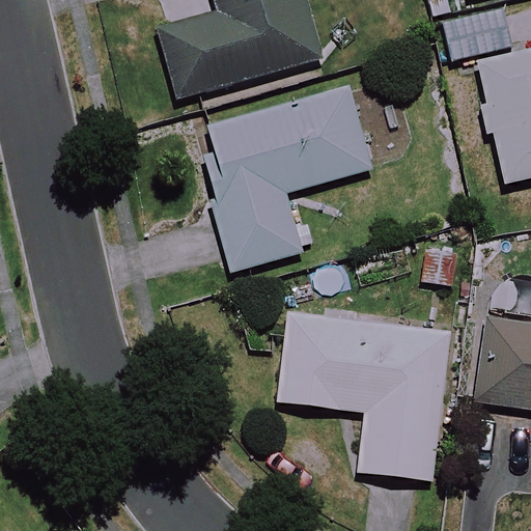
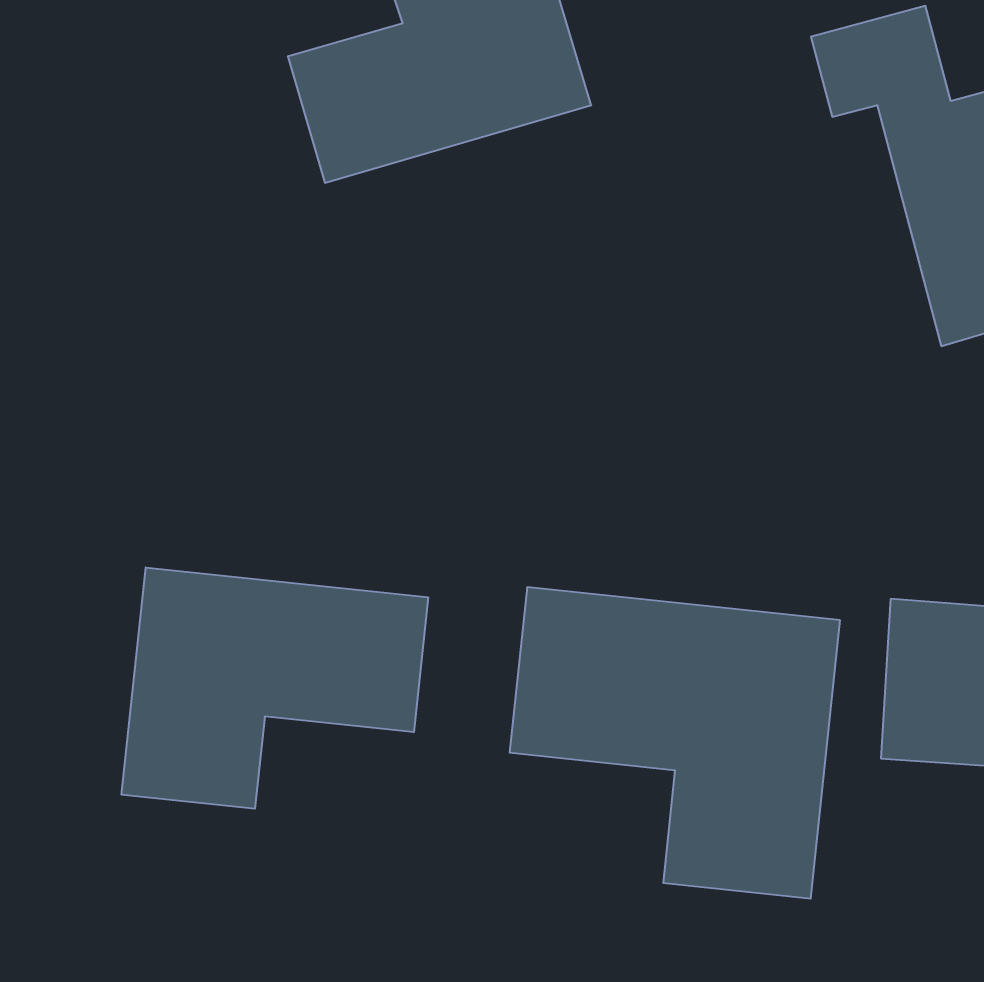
building: [193,88,371,271] -> none
building: none -> [122,567,428,809]

